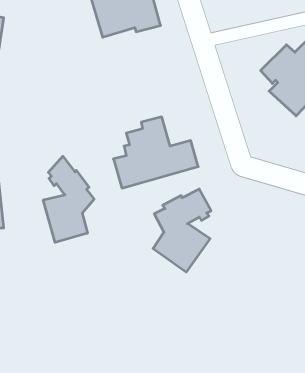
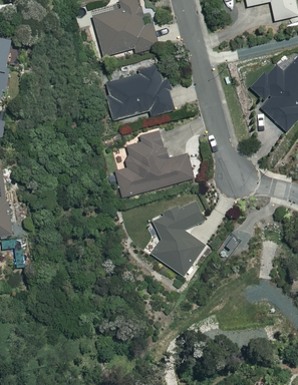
building: none -> [106,65,175,120]
building: [43,156,94,242] -> none

